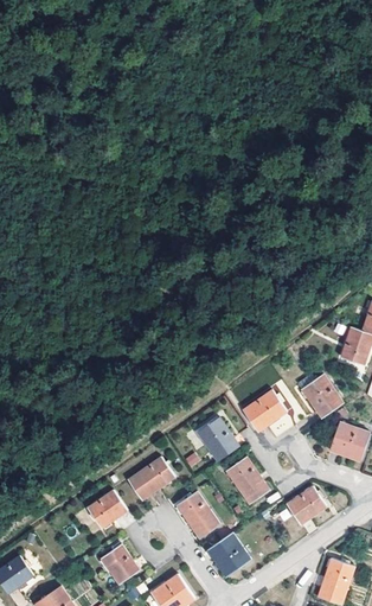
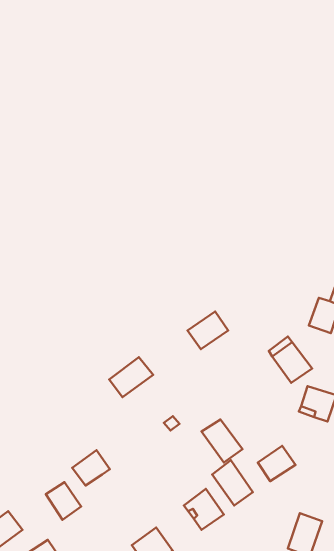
building: [243,390,287,430] -> [187,312,228,349]
building: [195,417,238,461] -> none
building: [127,458,174,500] -> [109,357,153,397]
building: [175,491,219,540] -> [212,460,253,505]
building: [102,546,140,586] -> [46,482,81,520]

